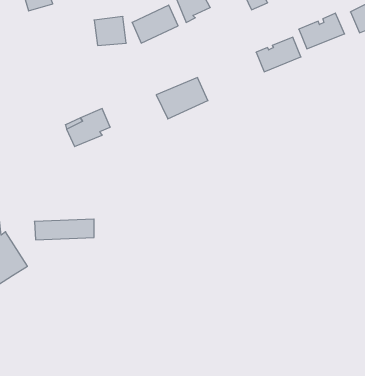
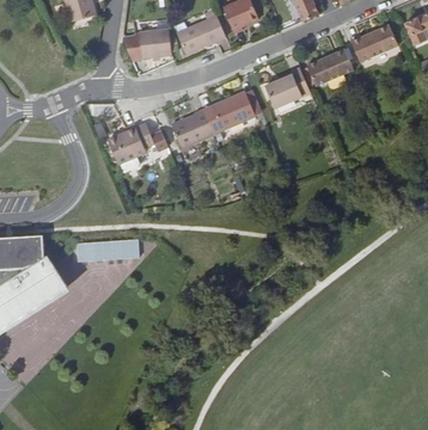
building: none -> [265,68,310,108]
building: none -> [172,109,214,148]

